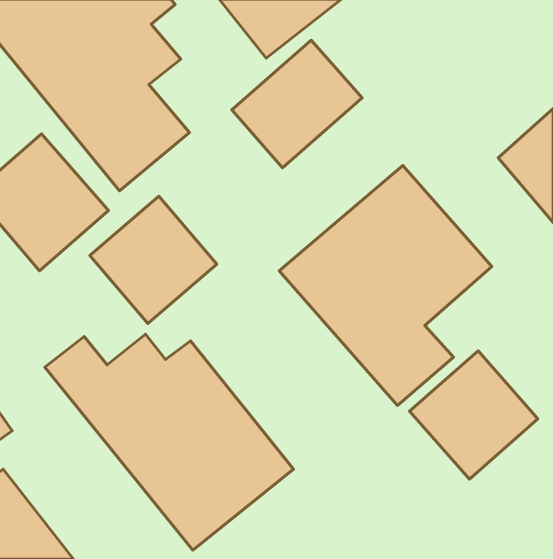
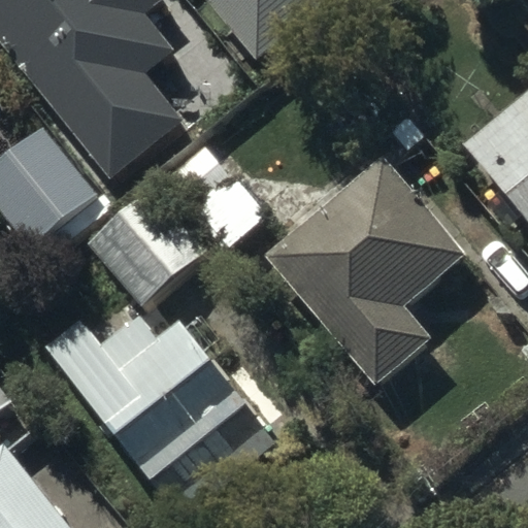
building: [232,40,362,168] -> none
building: [410,351,538,479] -> none

